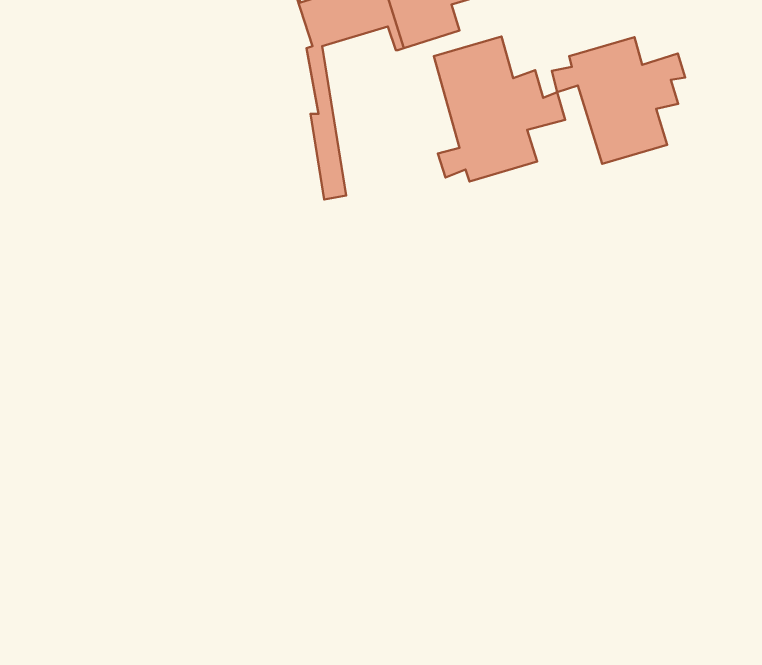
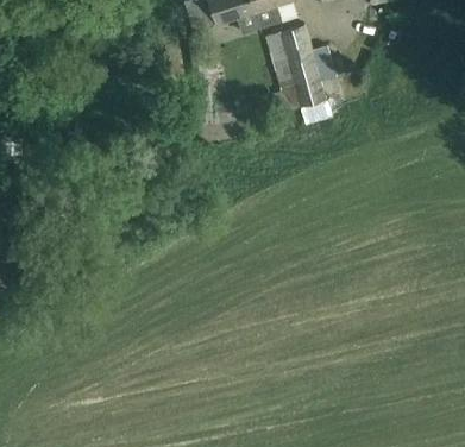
building: [552,37,685,164] -> none

